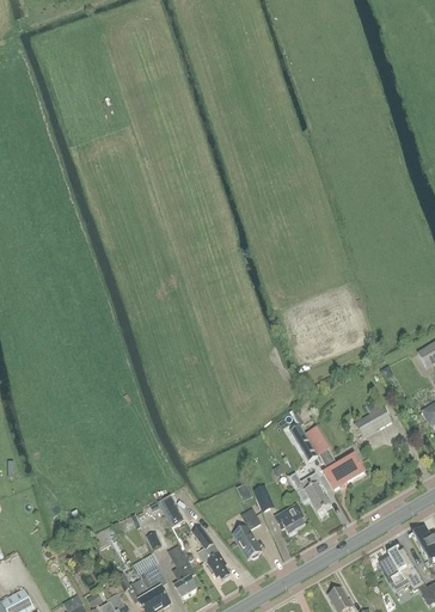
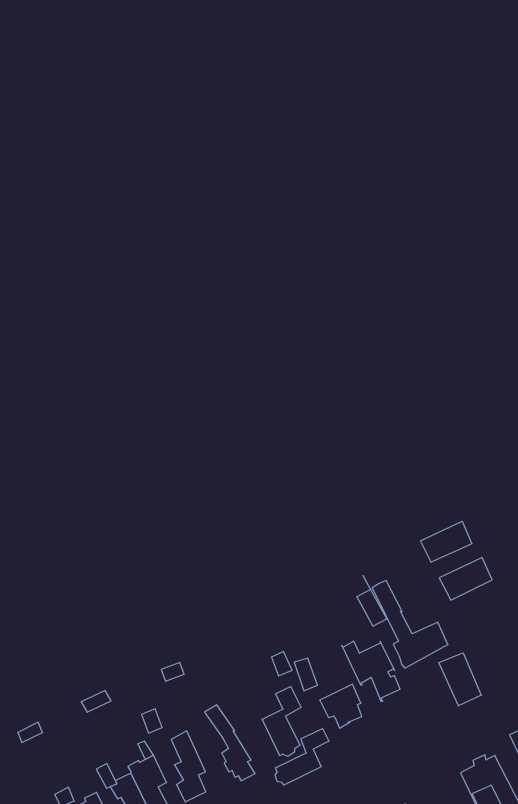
building: none -> [421,521,472,562]
building: none -> [439,653,481,706]
building: none -> [275,729,329,785]

